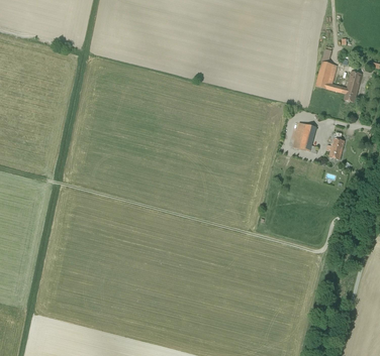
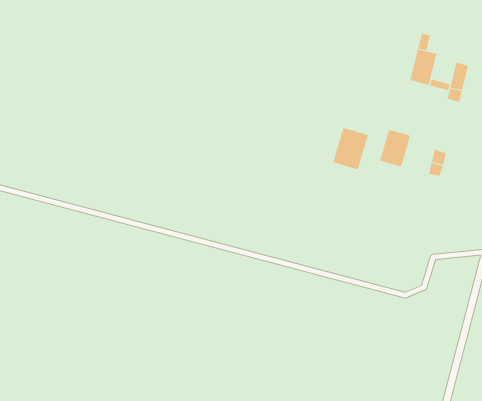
building: none -> [333,127,369,170]

